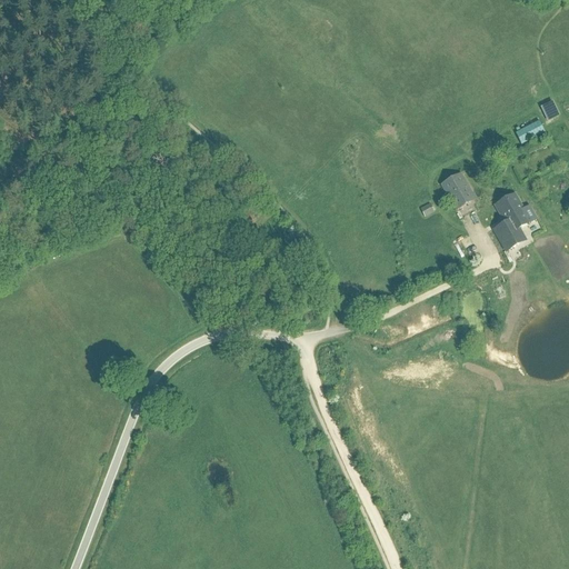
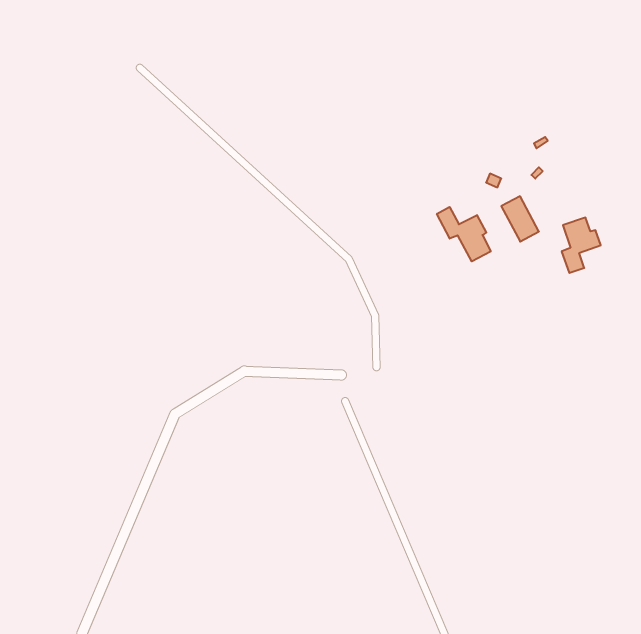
building: none -> [437,207,491,261]

